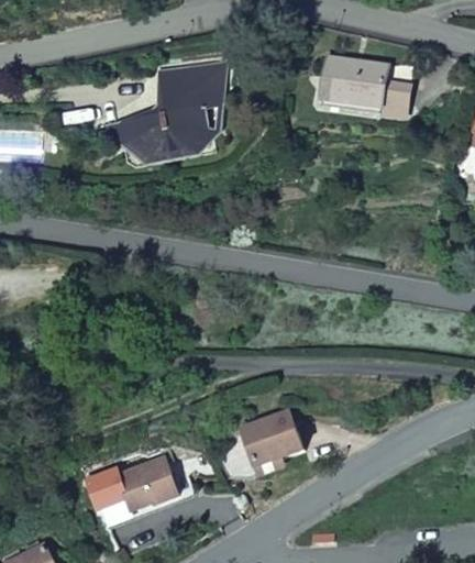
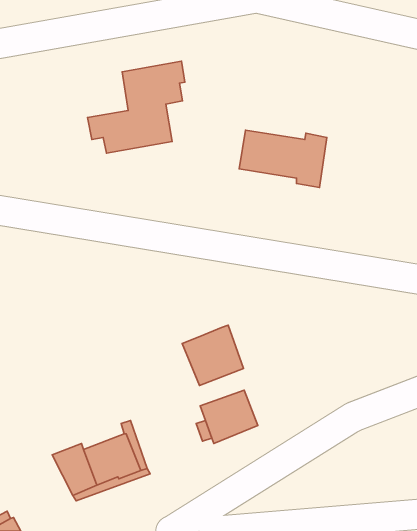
building: [320,57,412,118] -> [239,130,327,188]
building: none -> [182,325,243,385]

